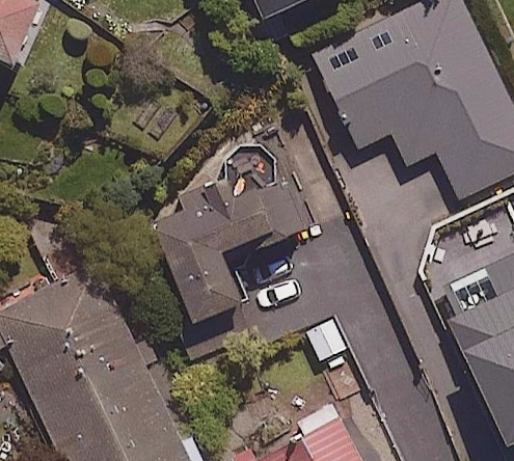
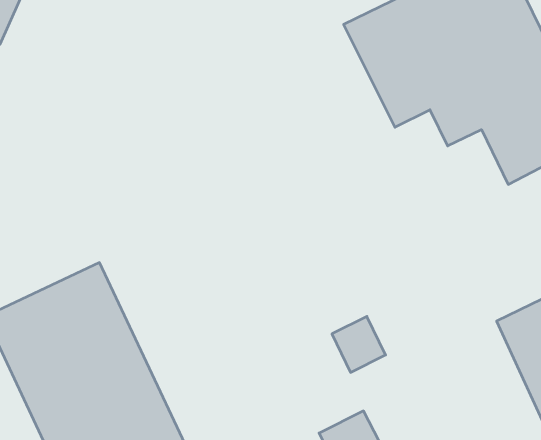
building: [145,140,309,319] -> none

